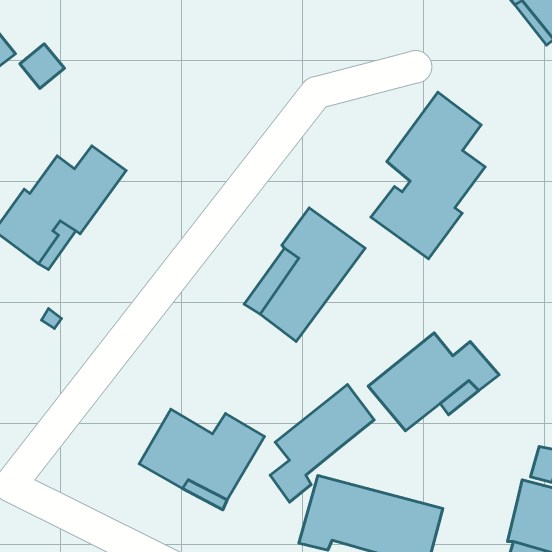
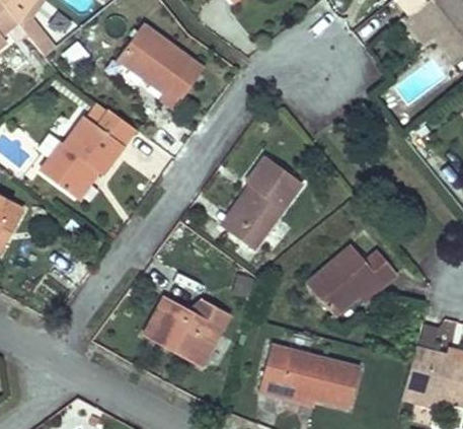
building: none -> [119,24,204,108]
building: [371,92,485,259] -> none
building: [270,384,374,502] -> none

